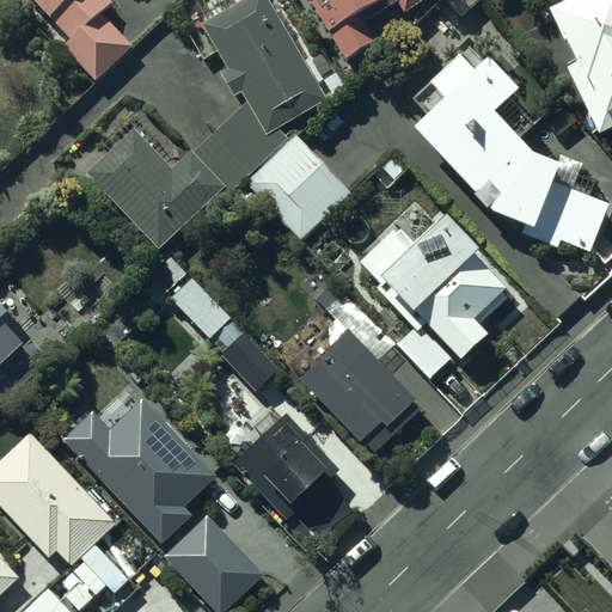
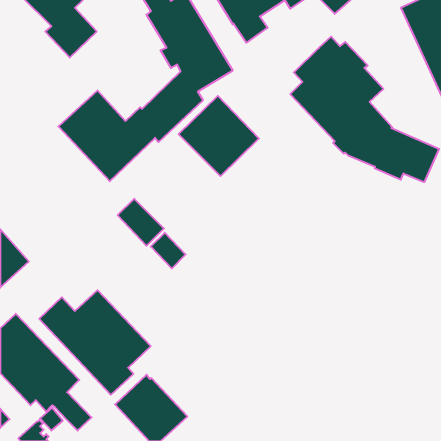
building: [356,216,503,359] -> none
building: [295,290,420,452] -> none
building: [228,405,335,516] -> none

